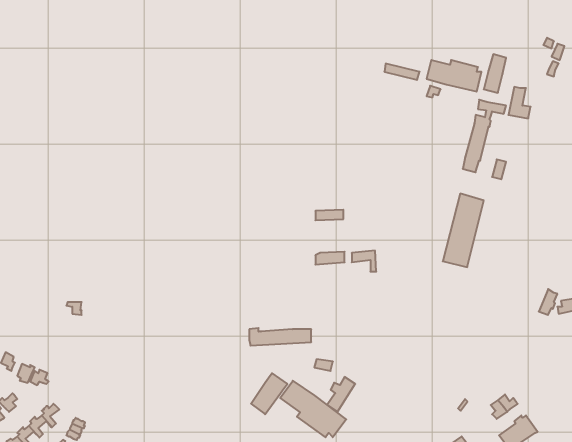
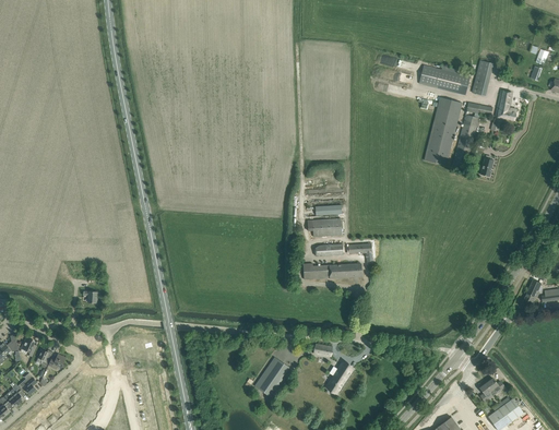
building: [443,194,484,267] -> [424,97,462,166]
building: none -> [308,218,342,237]
building: [249,328,311,346] -> [304,263,361,279]
building: [280,381,346,437] -> none

